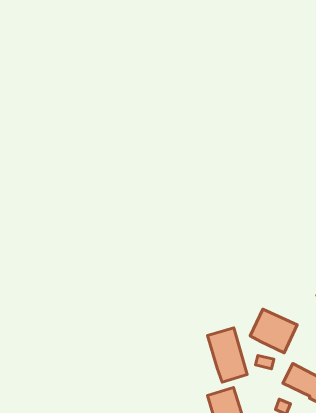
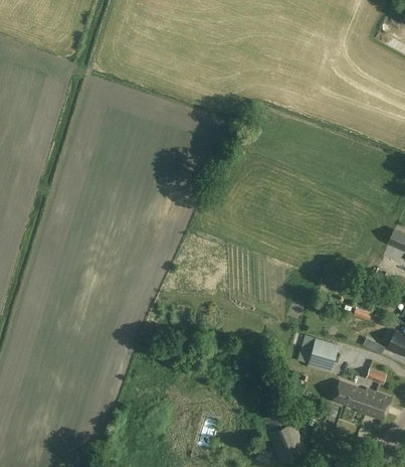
building: [207,328,247,382] -> none

